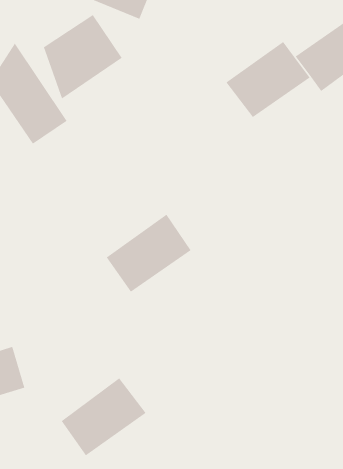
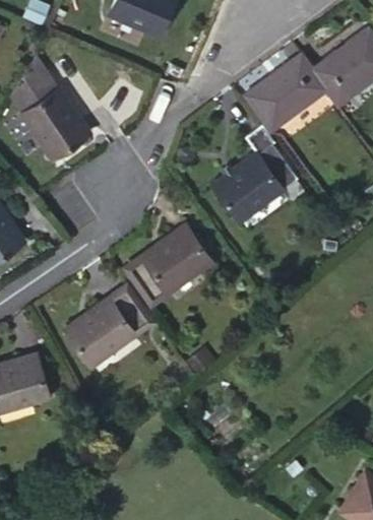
building: [43,14,123,100] -> none
building: none -> [212,125,296,220]
building: [61,378,147,456] -> [65,287,149,365]

